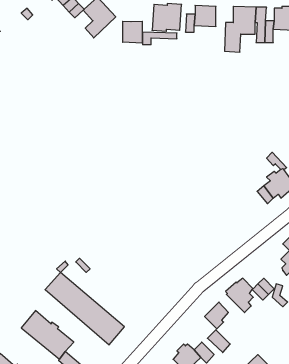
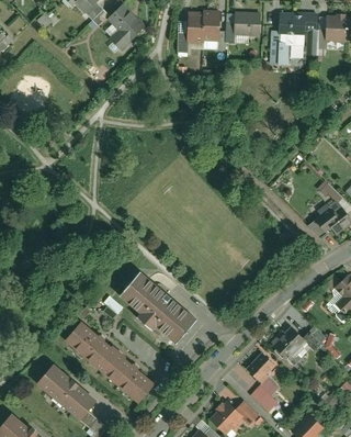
building: [123,21,142,43] -> none
building: none -> [120,270,196,344]

